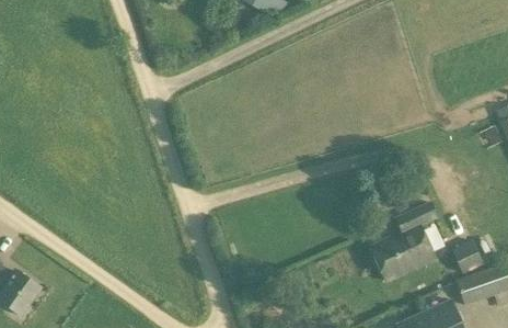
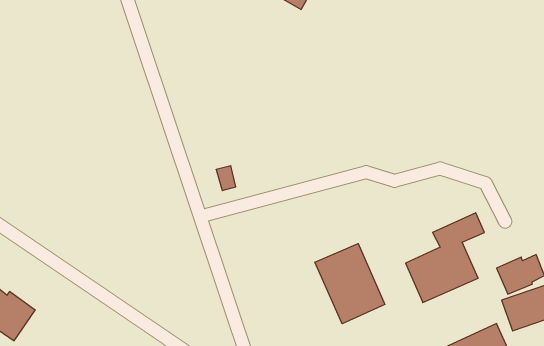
building: none -> [315,244,385,324]

